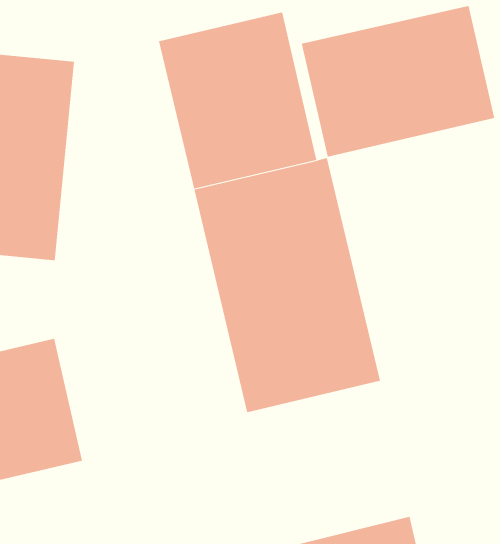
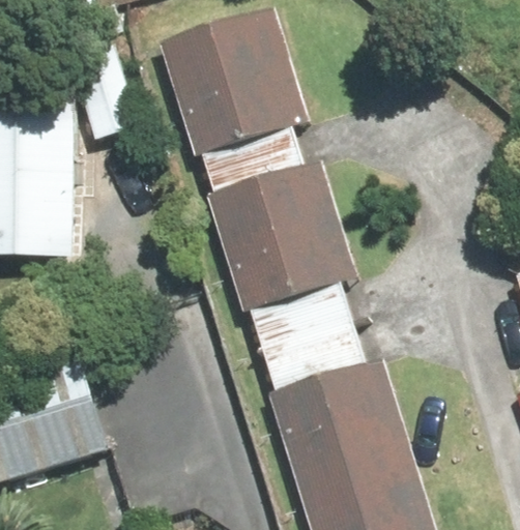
building: [301,5,495,157] -> none
building: none -> [261,354,418,504]

